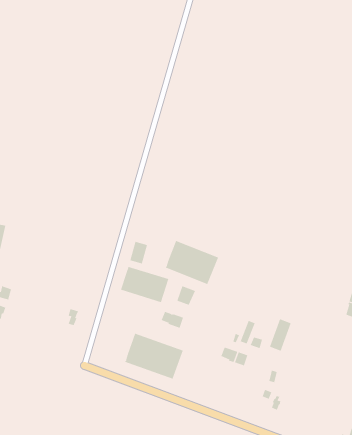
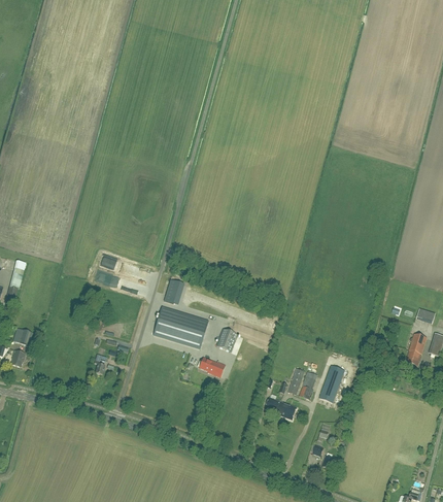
building: [165,240,219,285] -> none
building: [124,333,183,380] -> none

